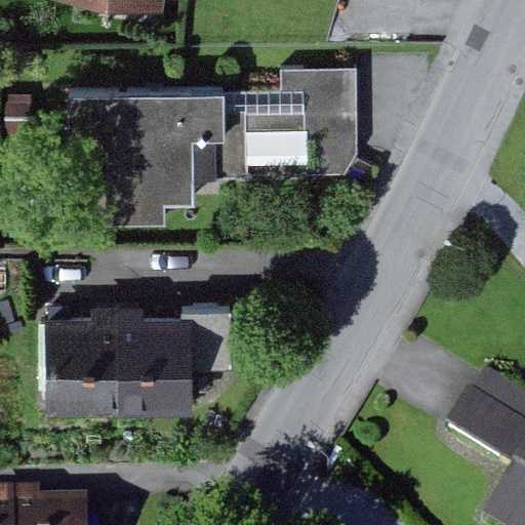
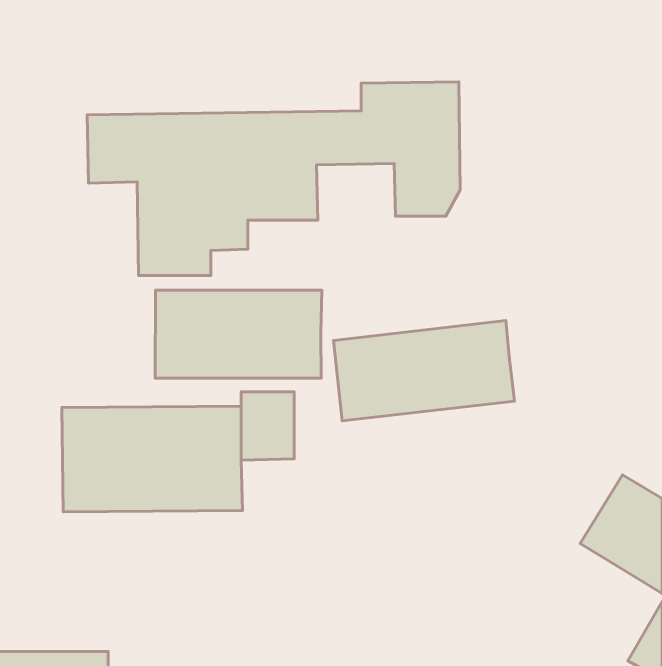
building: none -> [155,290,322,378]
building: none -> [334,321,515,421]

